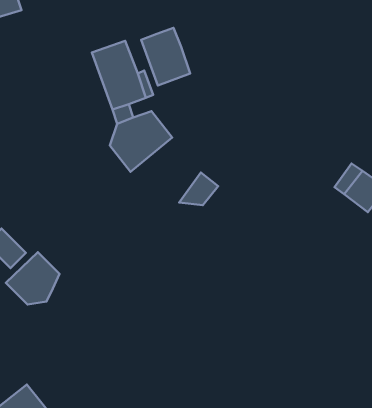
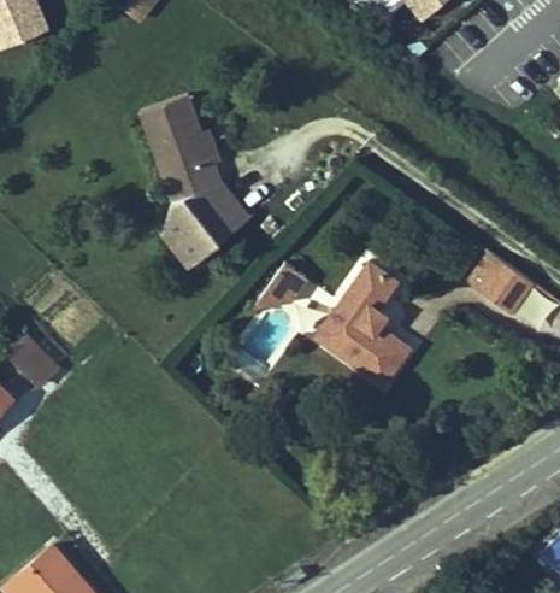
building: [141,28,190,86] -> none
building: none -> [314,265,411,394]
building: [6,252,59,304] -> none

